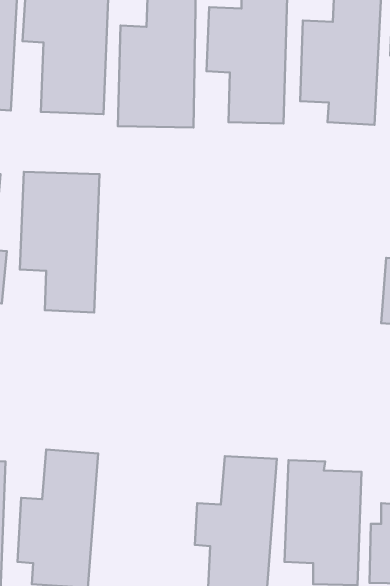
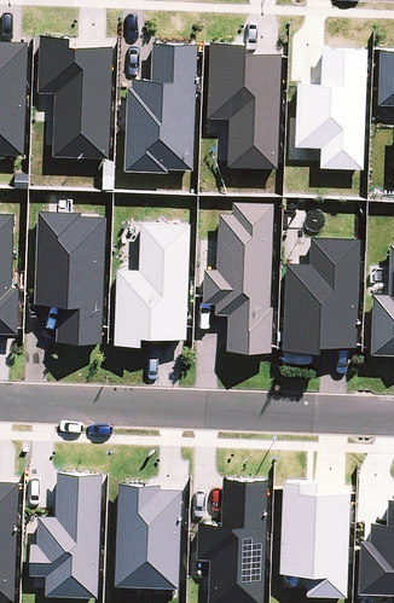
building: none -> [202,204,274,352]
building: none -> [114,224,191,346]
building: none -> [283,238,359,349]
building: none -> [114,485,184,590]

